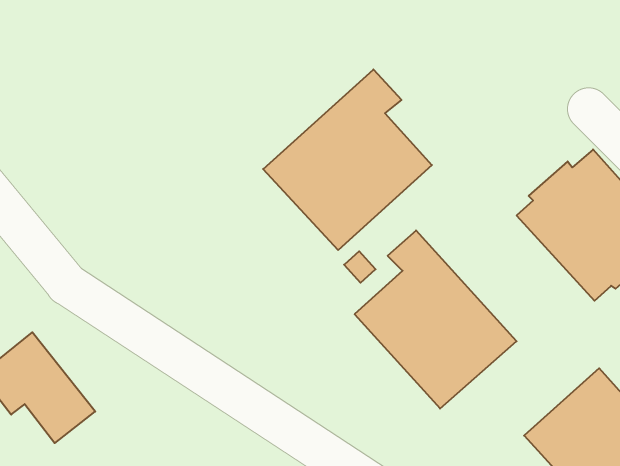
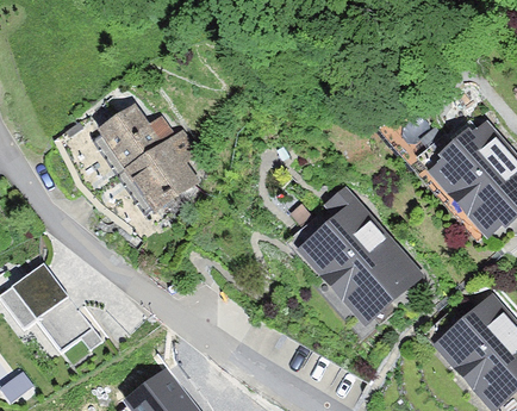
building: [263,69,432,250] -> none
building: none -> [98,100,200,208]

